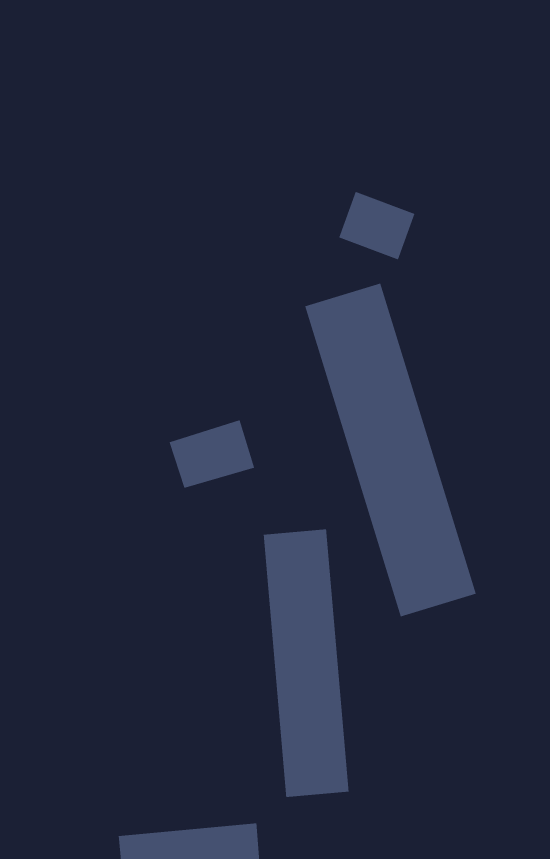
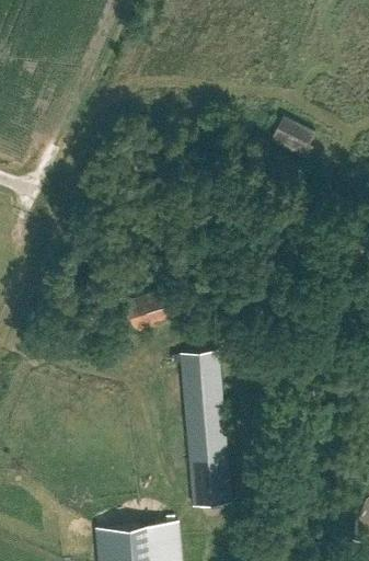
building: [338,191,416,261] -> [266,116,311,157]
building: [304,283,477,617] -> none

